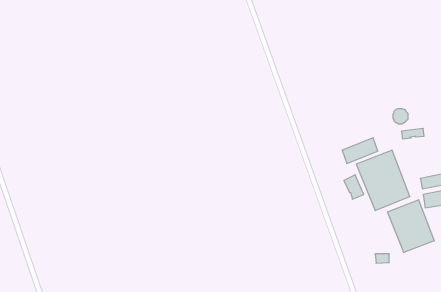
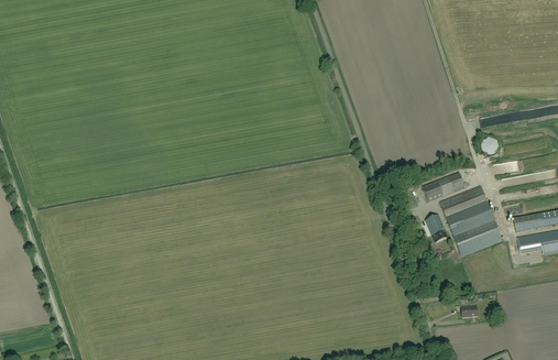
building: [388,200,434,253] -> none

